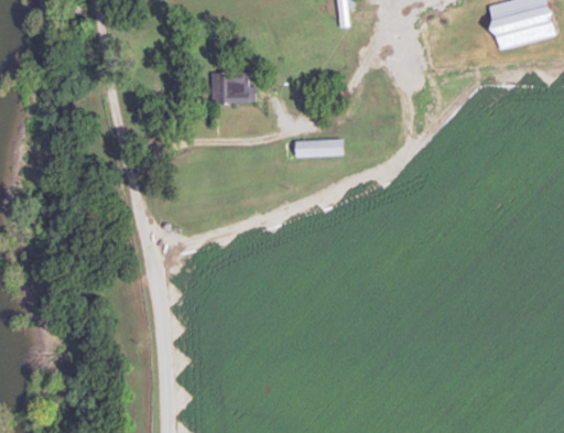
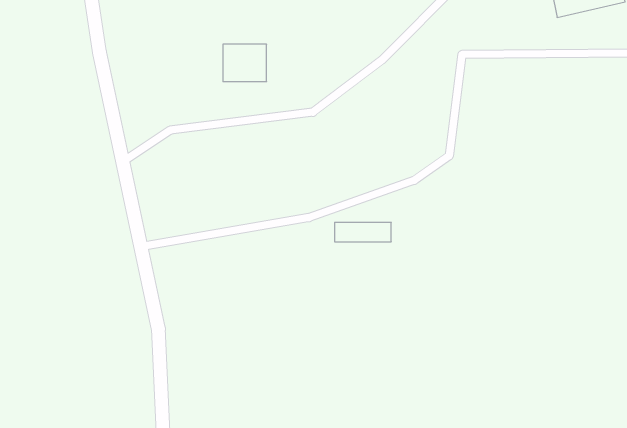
building: [295,140,344,156] -> [335,222,391,242]

